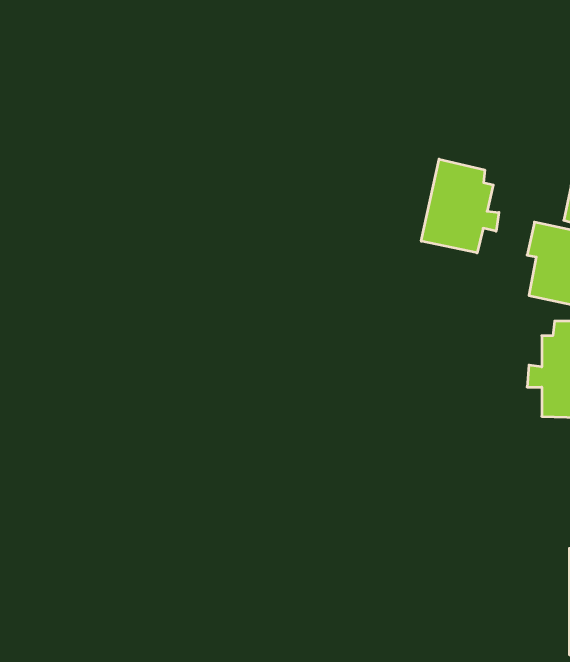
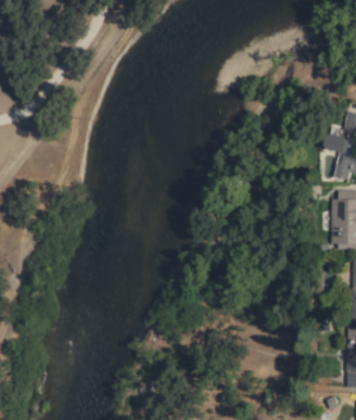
building: [421,159,499,253] -> none

